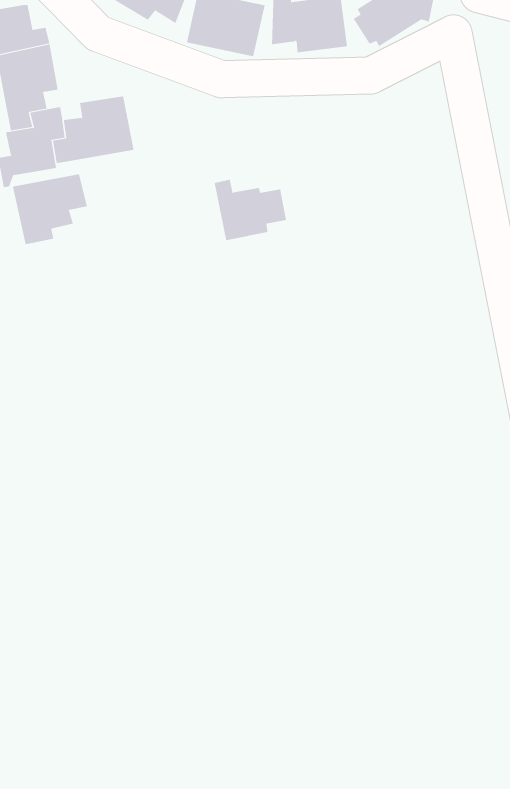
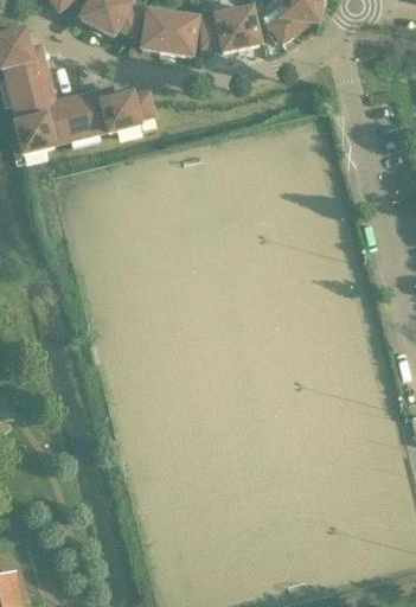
building: [8,173,87,246] -> none
building: [214,179,287,241] -> [98,87,153,132]

